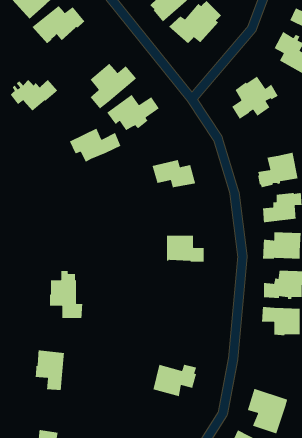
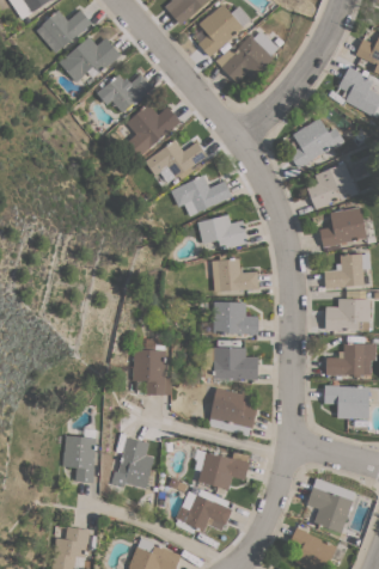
building: [10,79,58,111] -> [97,75,153,112]
building: none -> [307,164,359,209]
building: [69,128,122,163] -> [171,176,232,216]
building: none -> [213,258,259,293]
building: [49,270,83,319] -> [133,339,172,396]
building: none -> [206,347,259,381]
building: none -> [209,388,258,438]
building: none -> [118,438,154,489]
building: none -> [176,495,233,532]

